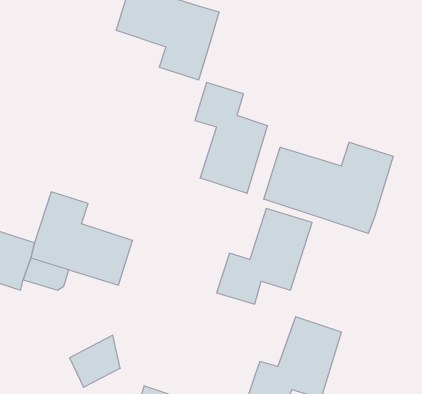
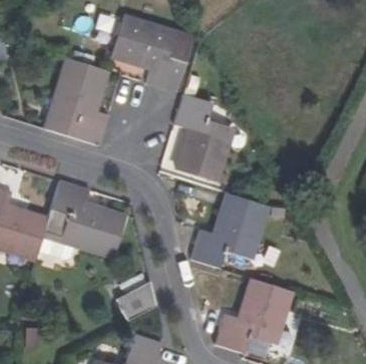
building: none -> [45,58,109,145]
building: [264,142,393,233] -> none
building: [69,335,120,387] -> [116,281,156,322]

